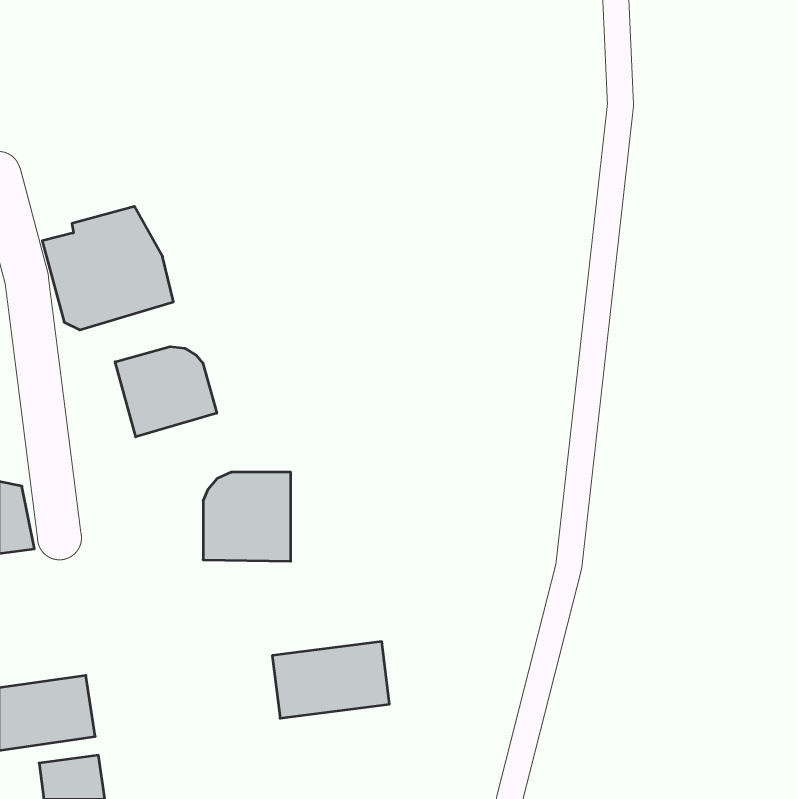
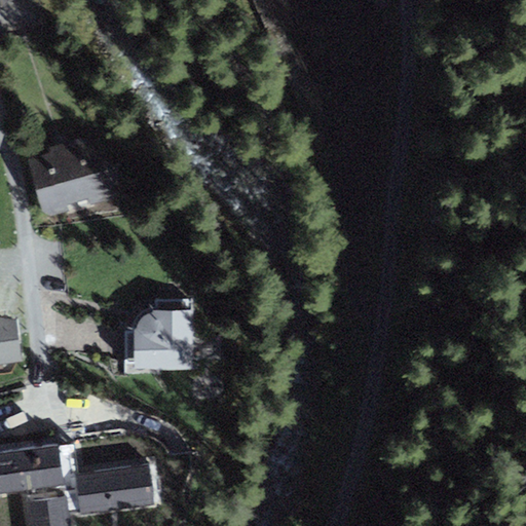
building: [115,347,217,437] -> none
building: [272,642,389,718] -> [76,464,153,515]

